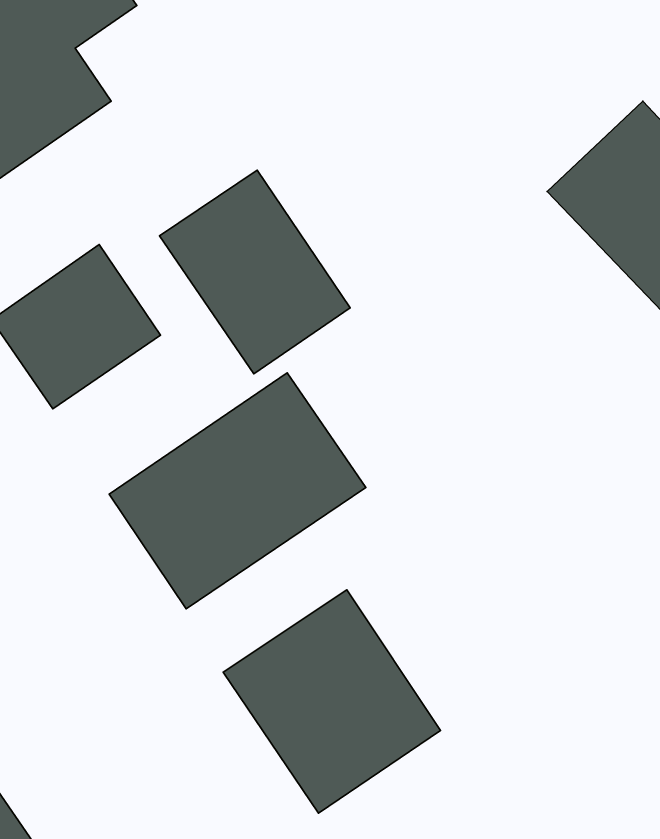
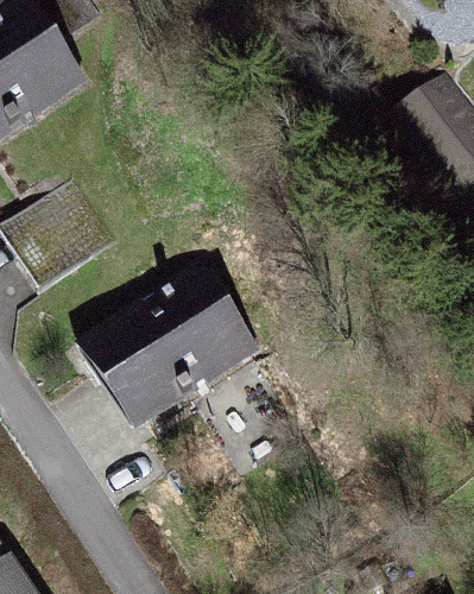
building: [160,170,350,374] -> none
building: [223,590,441,813] -> none

